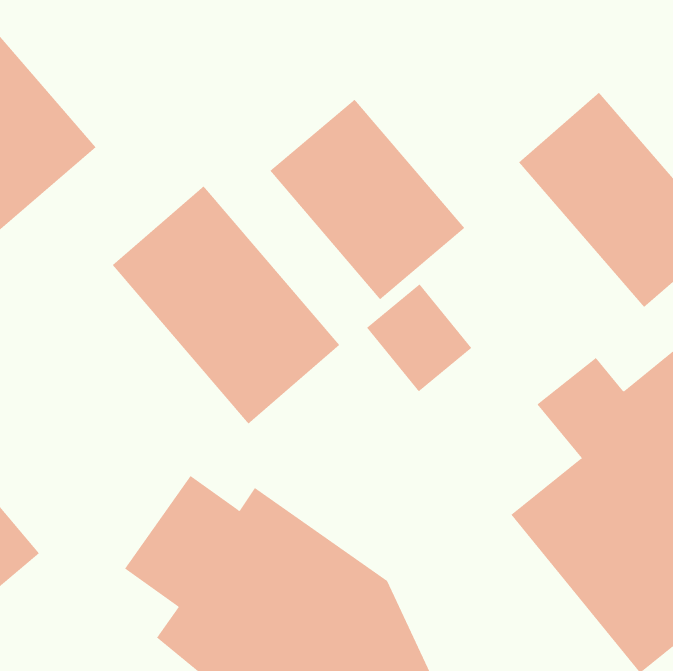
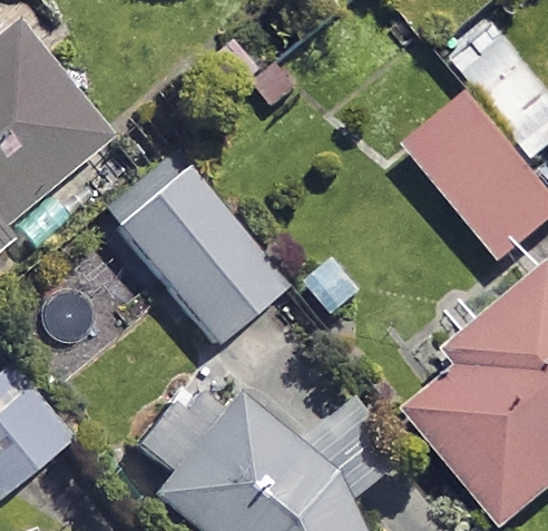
building: [270,99,465,300] -> none

